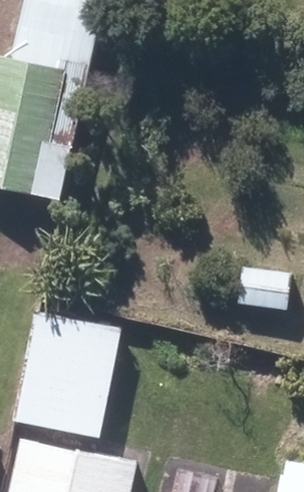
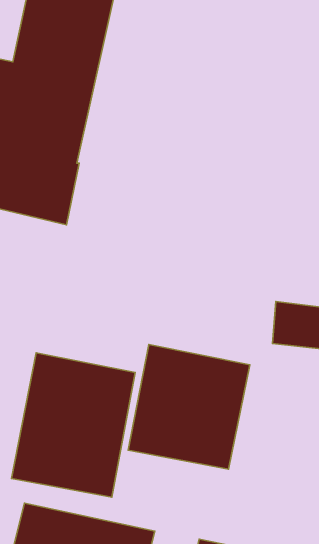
building: none -> [128,345,250,469]

